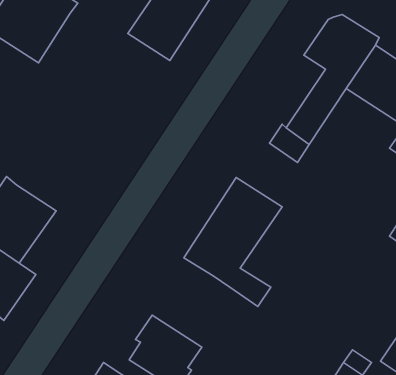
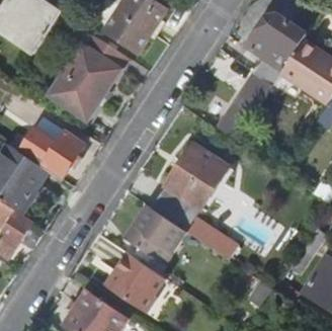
building: none -> [49,33,127,119]
building: none -> [17,132,84,178]
building: none -> [123,204,186,263]

